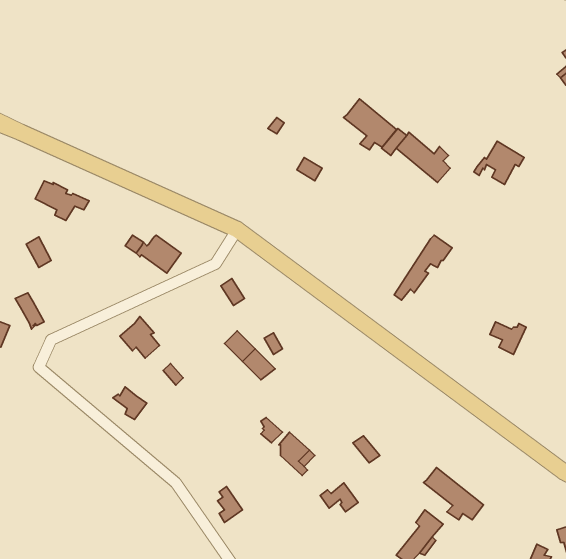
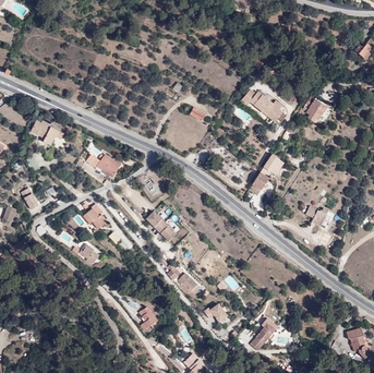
building: [344,99,396,150] -> none
building: [423,467,483,520] -> none

